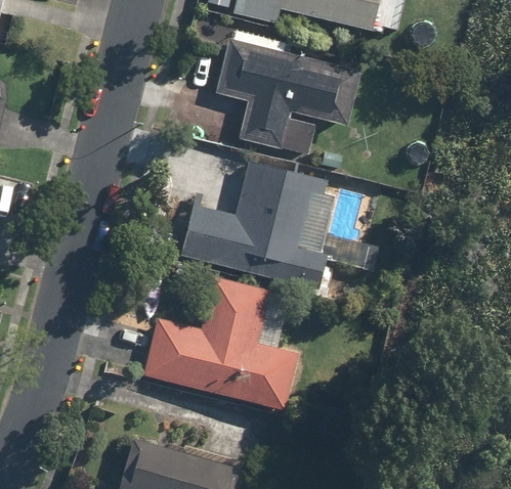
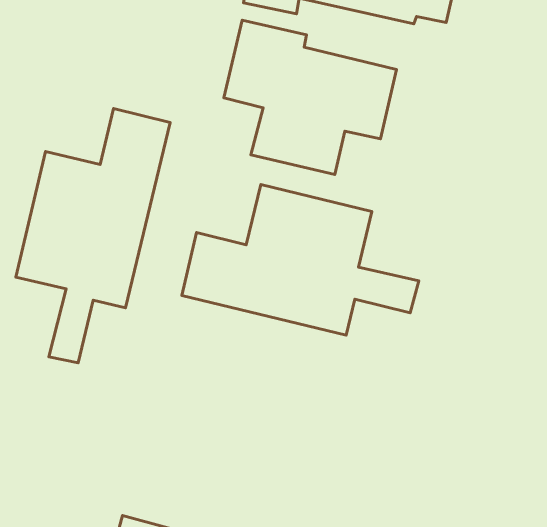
building: none -> [16,108,170,363]
building: [141,275,298,411] -> none

